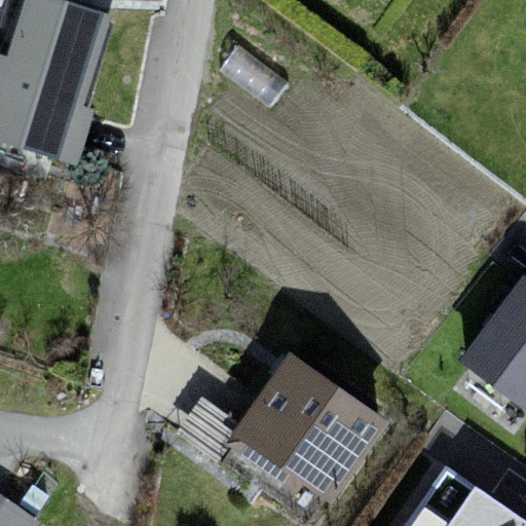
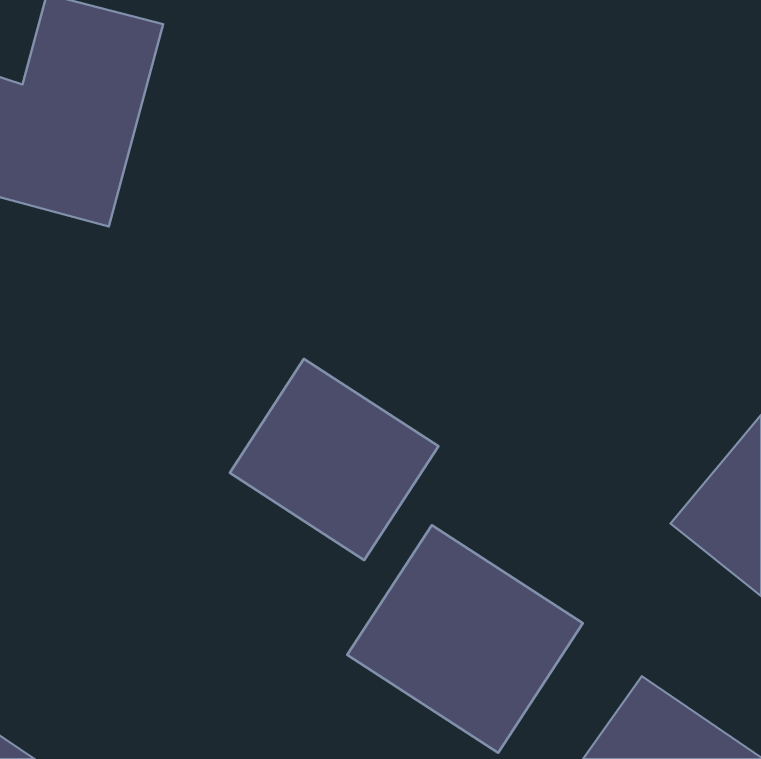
building: none -> [230,359,438,560]

